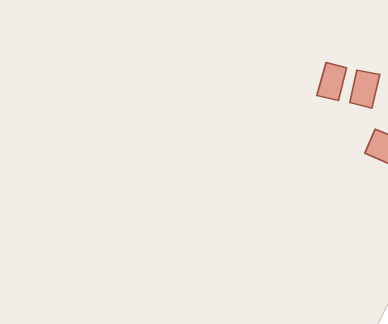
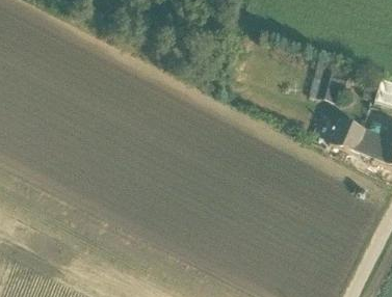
building: [317,62,347,101] -> none

